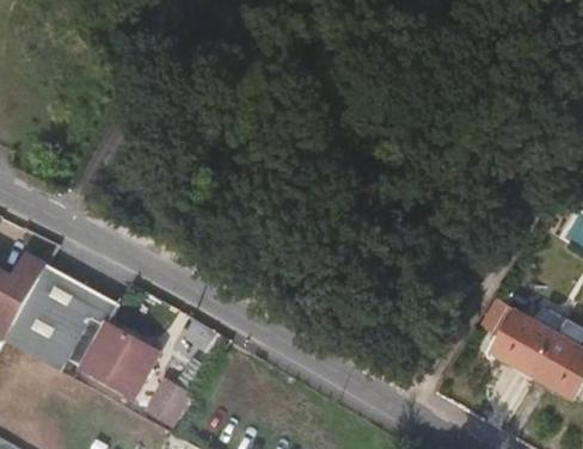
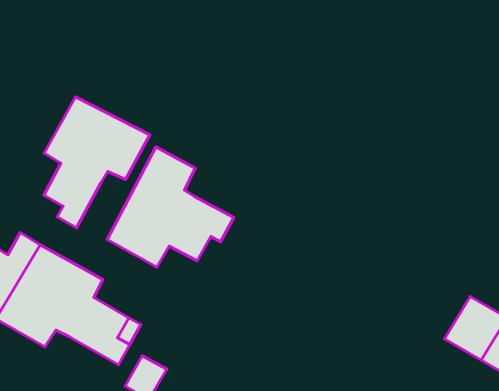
building: none -> [44,97,150,228]
building: none -> [107,147,234,267]

